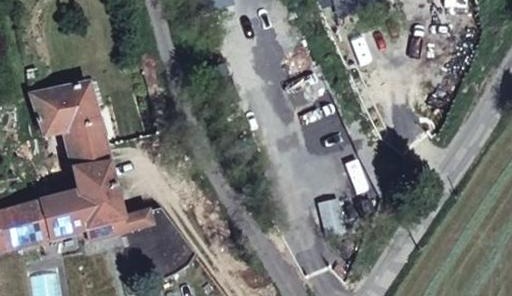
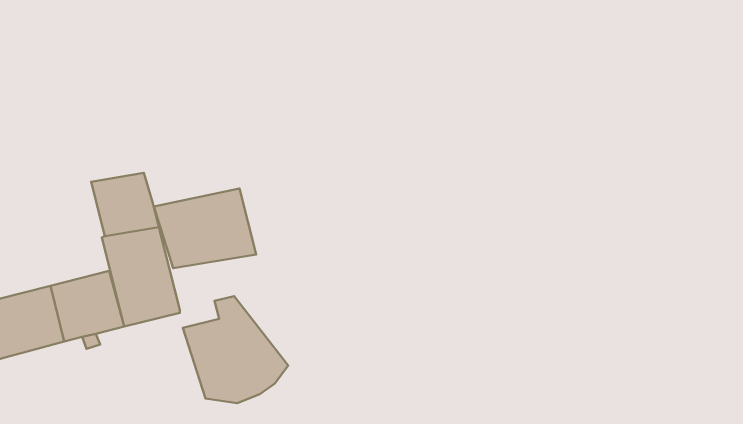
building: [31,79,99,132] -> [154,188,256,268]

